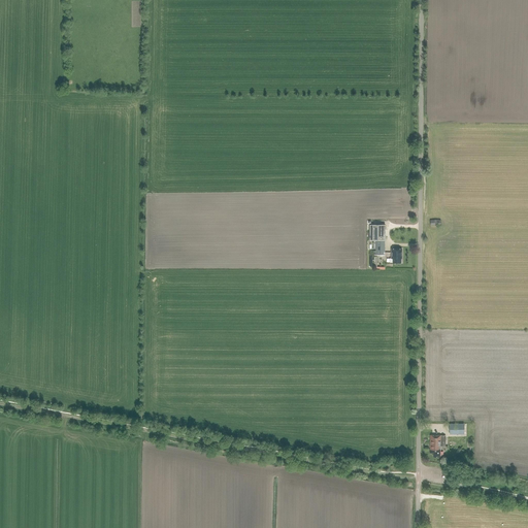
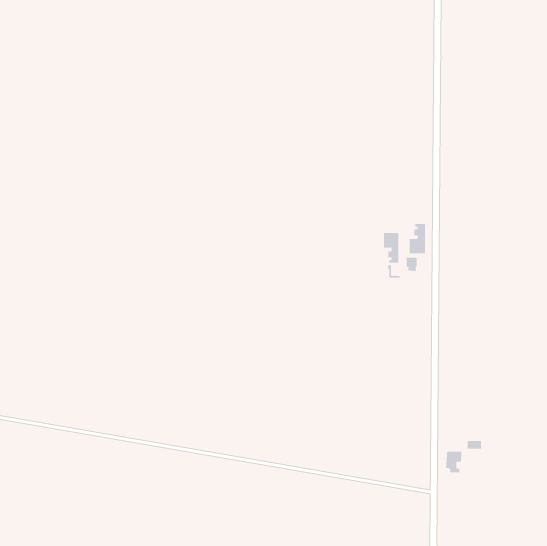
building: none -> [409,223,426,254]

